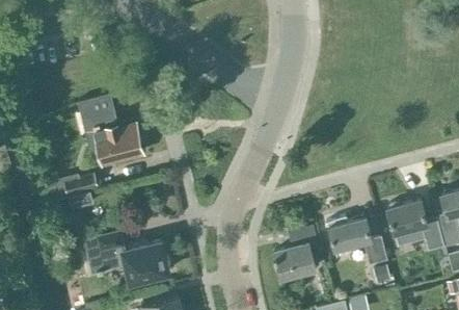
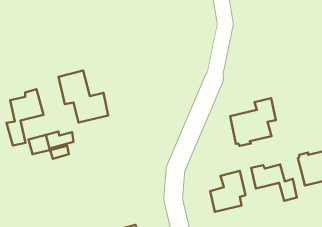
building: none -> [7,89,43,146]
building: none -> [230,98,276,146]
building: [88,234,171,285] -> none

